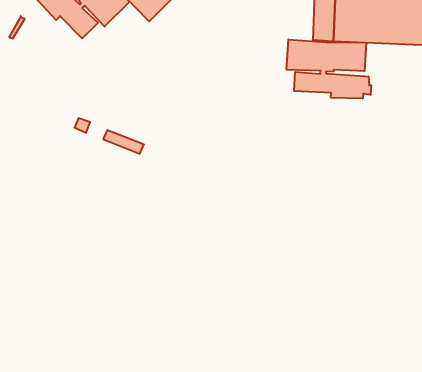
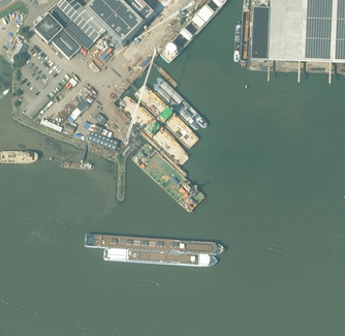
building: [287,39,371,99] -> none

